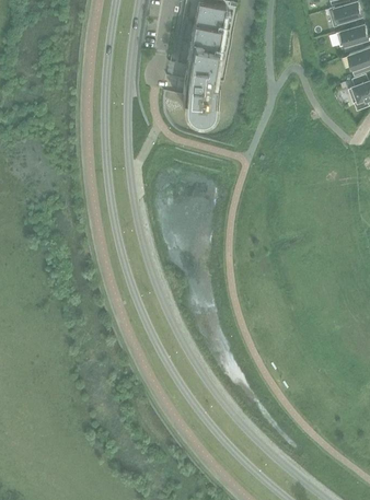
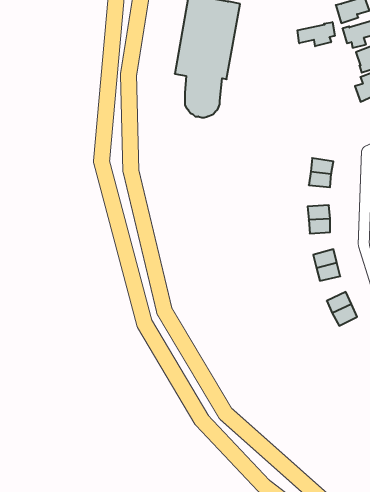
building: none -> [297,22,335,46]

